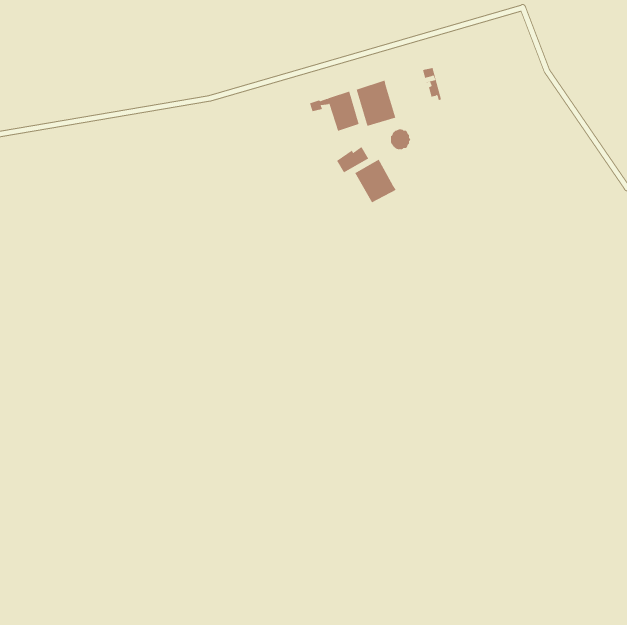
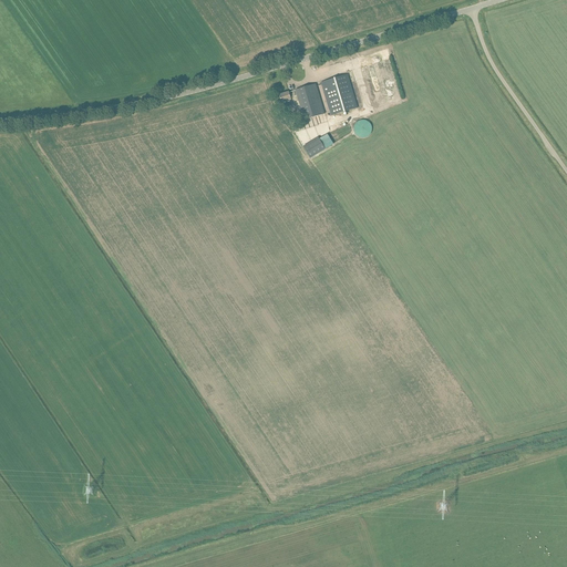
building: [355,159,397,203] -> none

